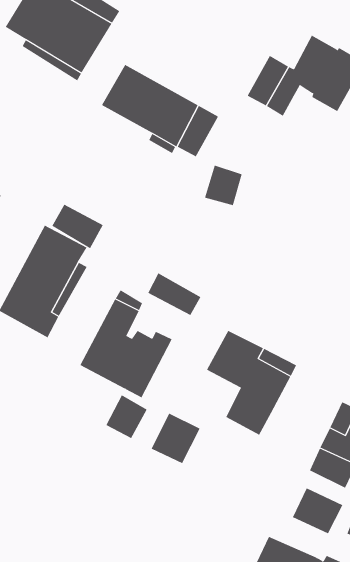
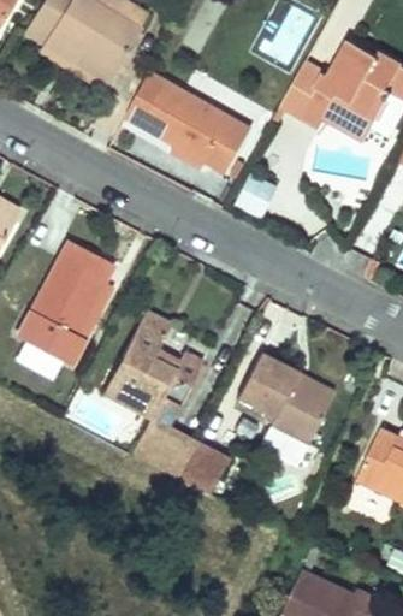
building: [51,204,103,249] -> none
building: [147,273,201,316] -> none
building: none -> [147,415,197,479]
building: [292,487,343,534] -> none

